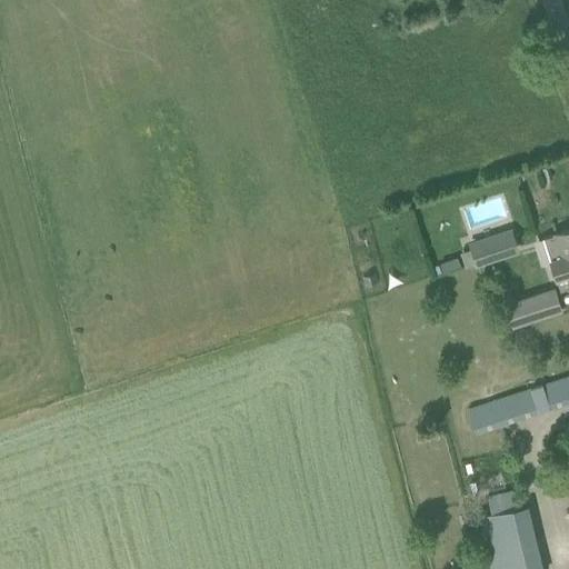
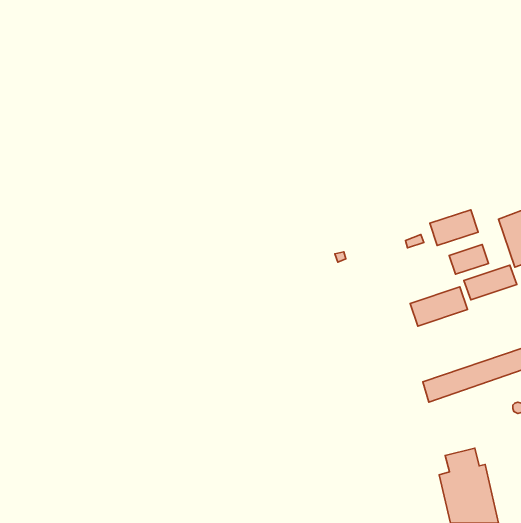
building: none -> [449,245,489,274]
building: none -> [410,287,468,326]

